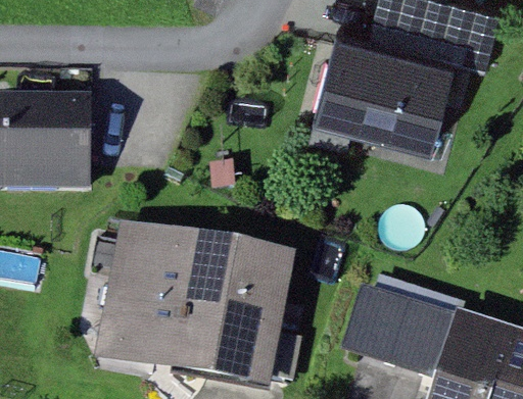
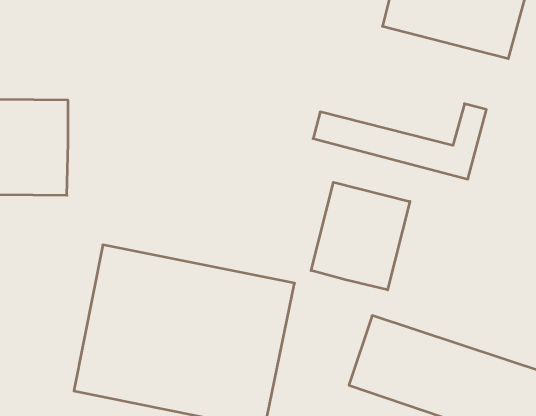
building: [317,19,456,134] -> none
building: none -> [311,182,410,290]

